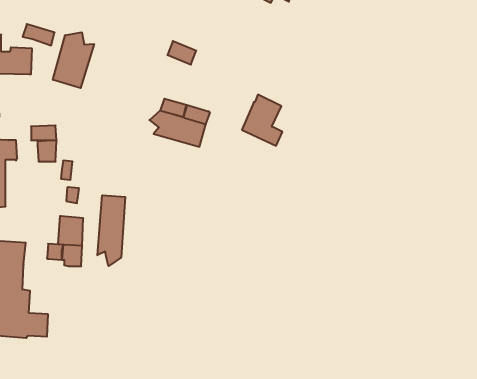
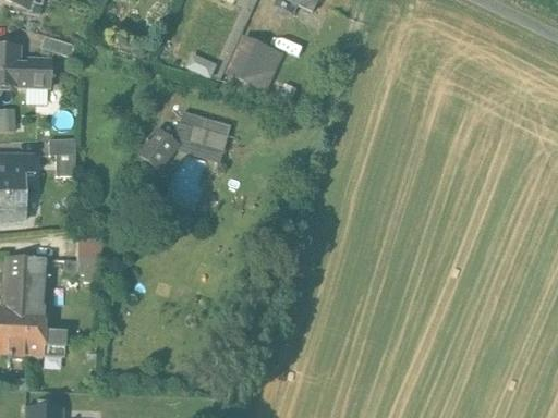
building: [53,32,94,88] -> none
building: [242,95,282,146] -> [229,37,270,89]
building: none -> [143,127,178,165]
building: [97,195,125,266] -> none

